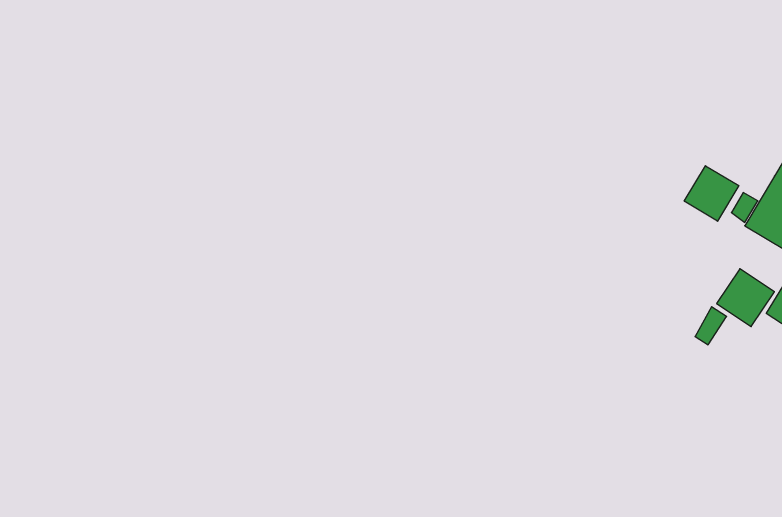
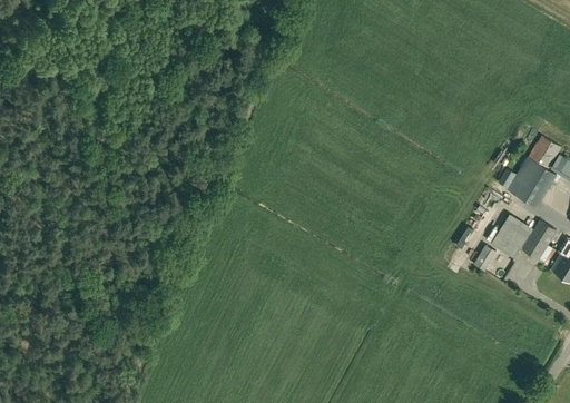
building: [684,166,739,221] -> none

